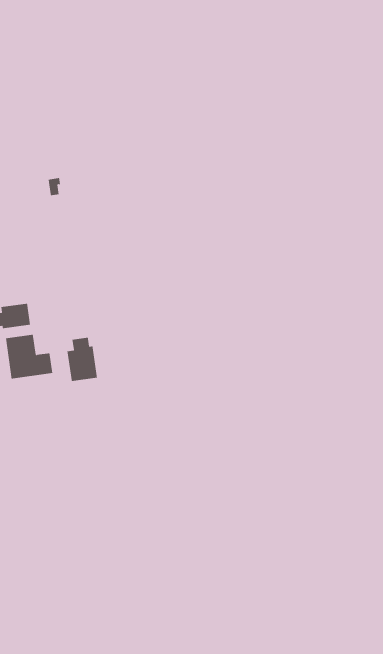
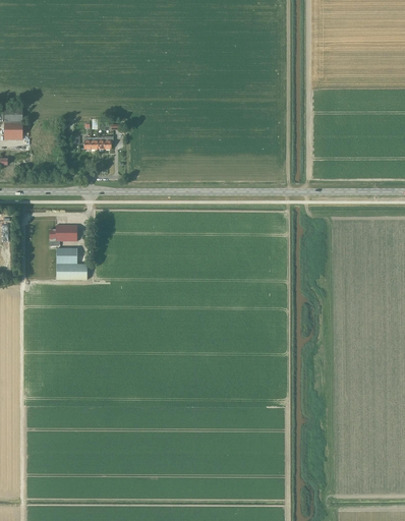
building: [67,337,97,382] -> none

